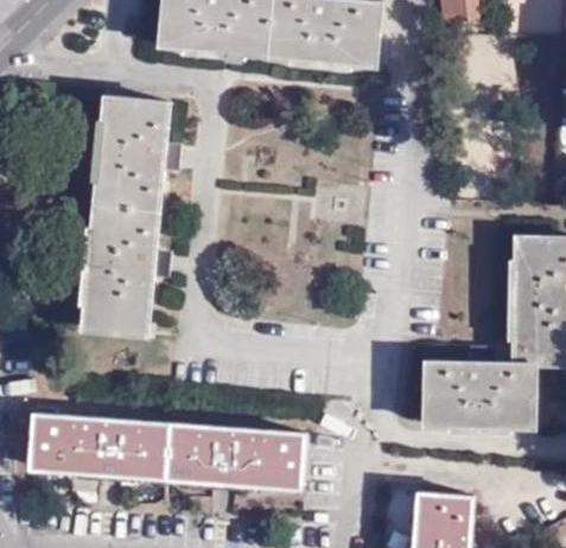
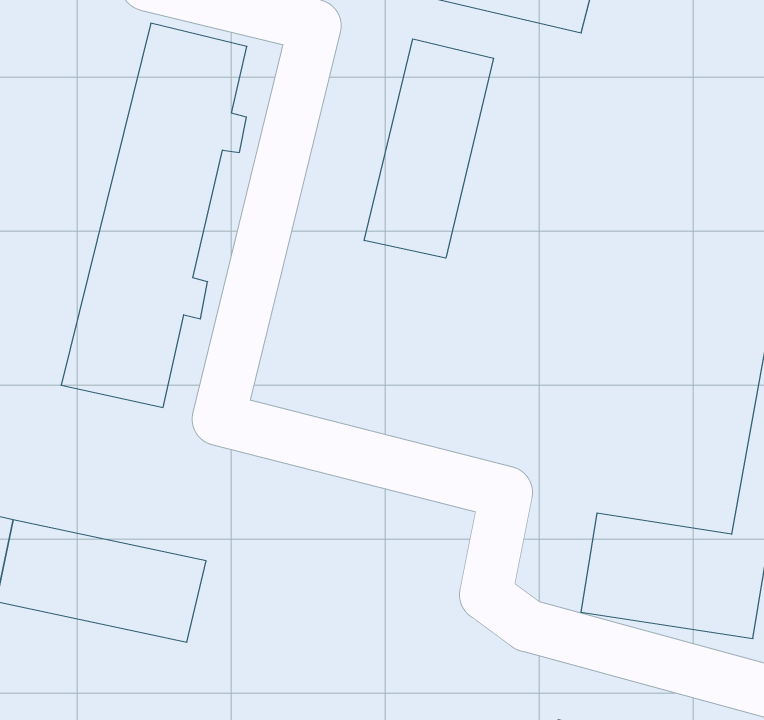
building: none -> [364,39,494,258]
building: [180,426,301,486] -> none

